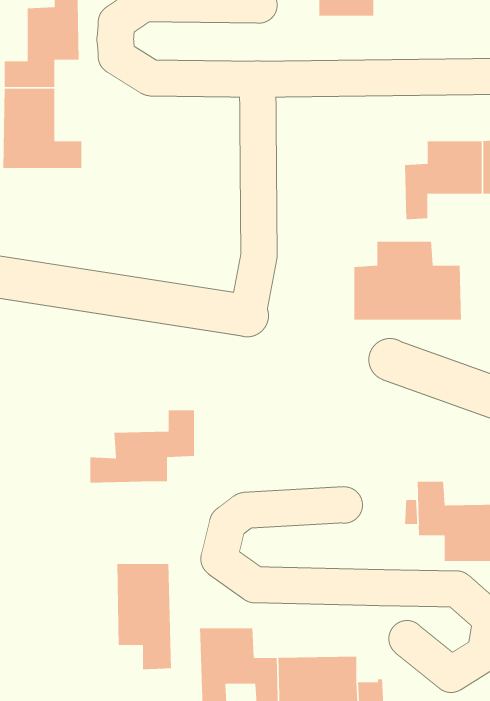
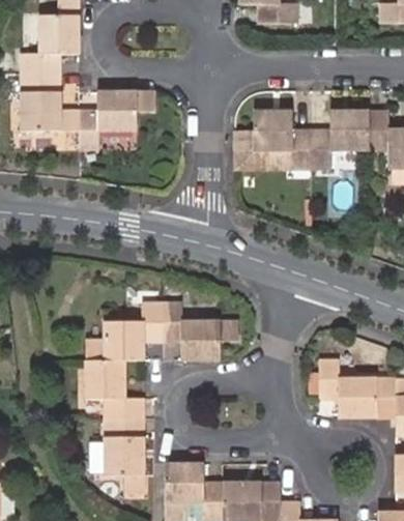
building: none -> [79,90,155,149]
building: [354,241,462,320] -> [235,110,314,168]
building: none -> [161,305,239,359]
building: none -> [84,358,142,417]

